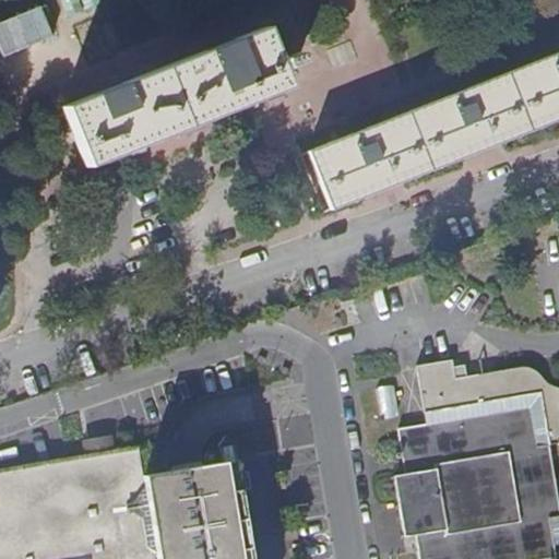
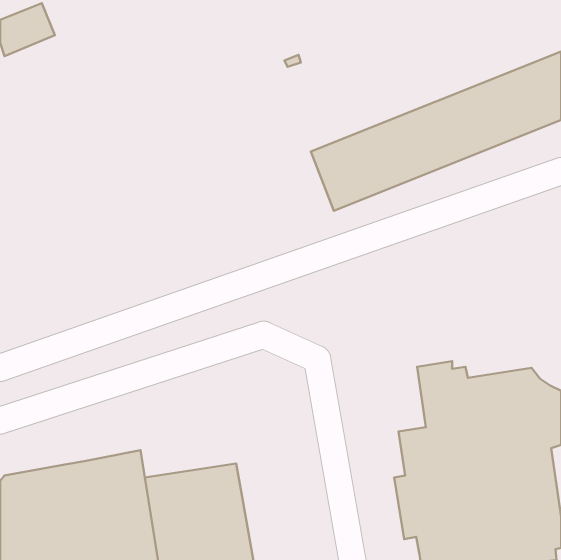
building: [63,29,287,167] -> none

